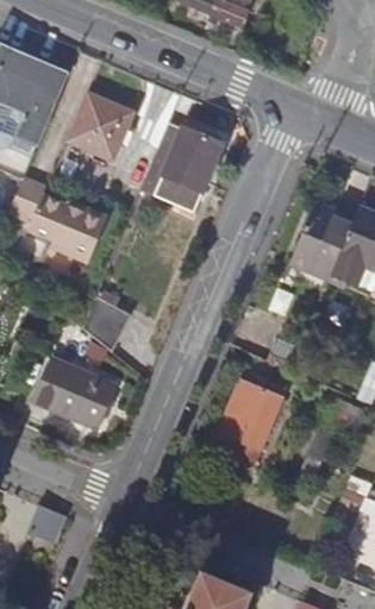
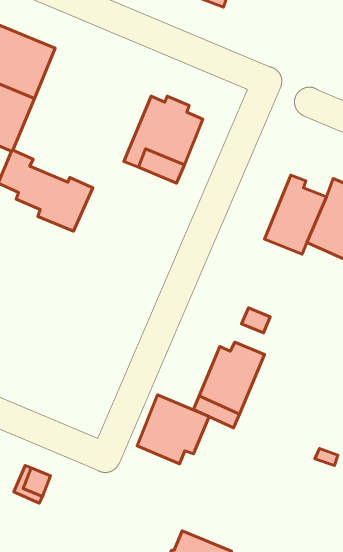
building: [68,93,133,159] -> none
building: [81,300,129,353] -> none
building: [35,358,114,428] -> none
building: none -> [137,395,209,464]

